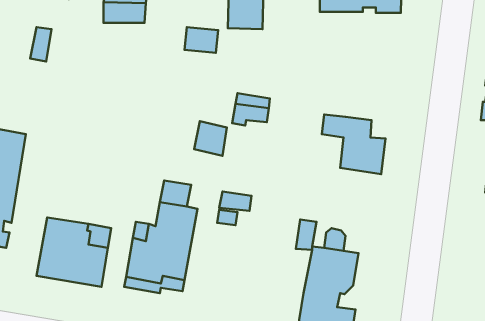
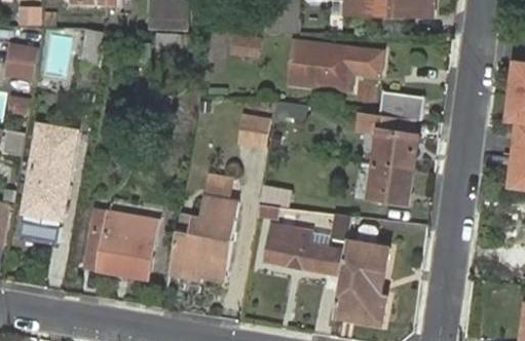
building: none -> [289,42,381,94]
building: none -> [378,93,421,120]
building: none -> [368,163,412,205]
building: none -> [266,225,328,271]

